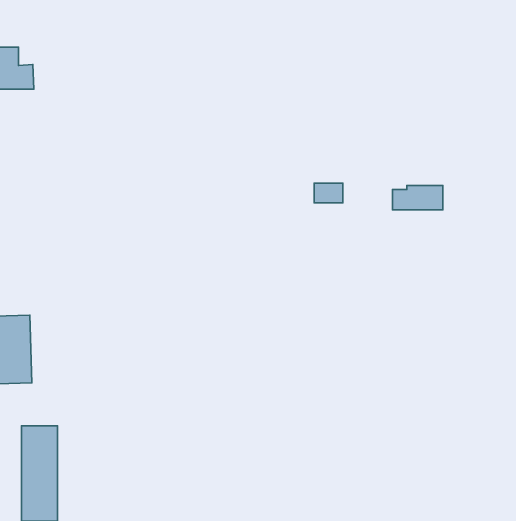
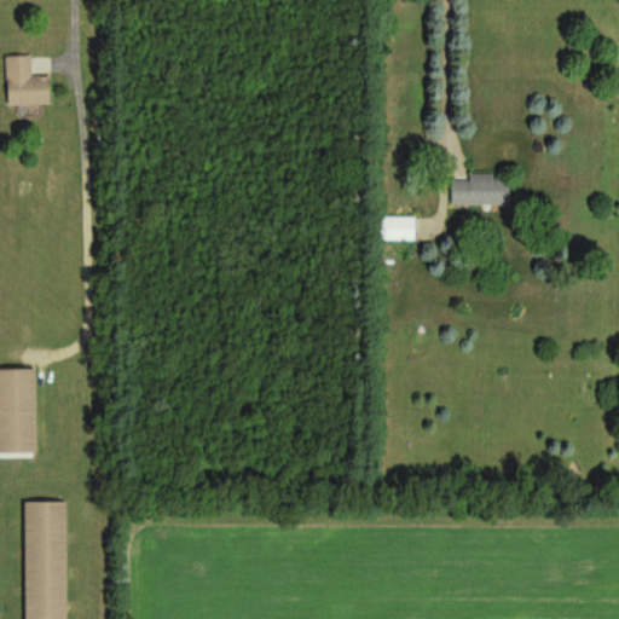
building: [393,185,443,210] -> [442,177,502,206]

